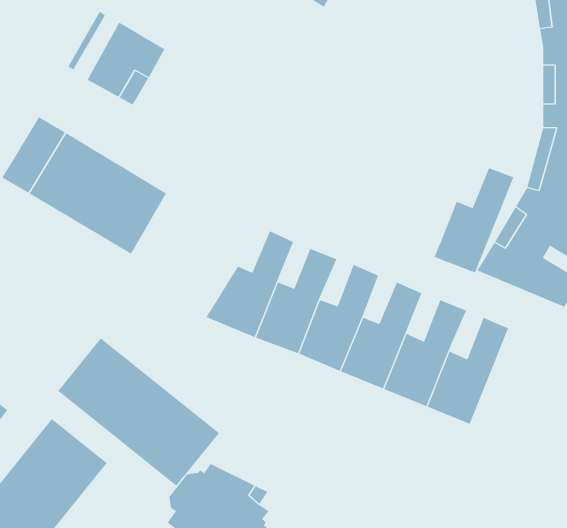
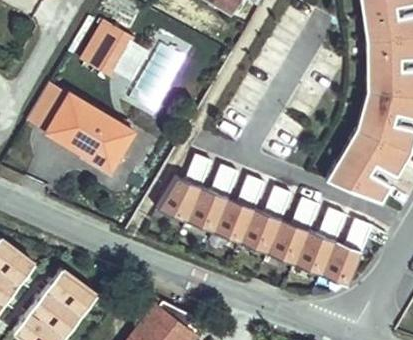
building: none -> [130,42,185,110]
building: [434,167,514,273] -> [321,219,371,285]
building: [57,337,220,487] -> none

